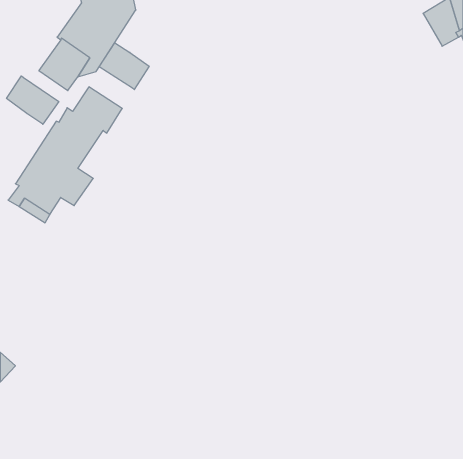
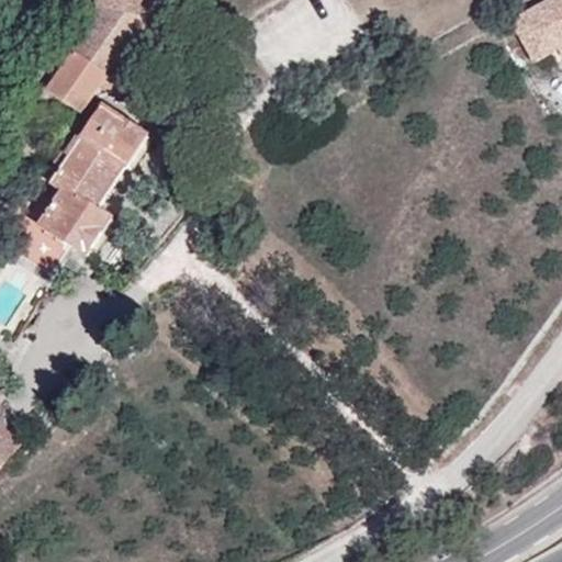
building: [99,43,149,90] -> none
building: [7,76,59,124] -> none

